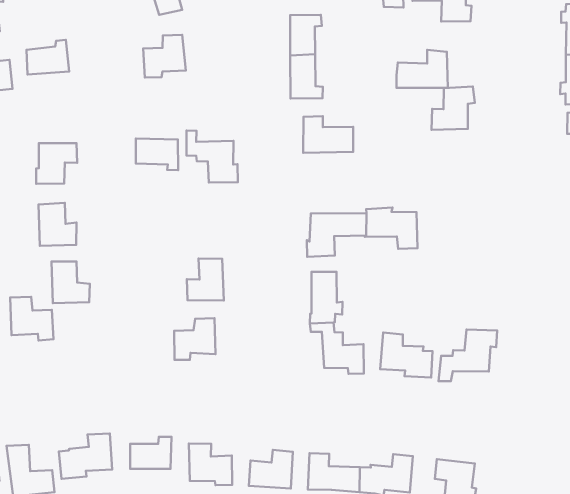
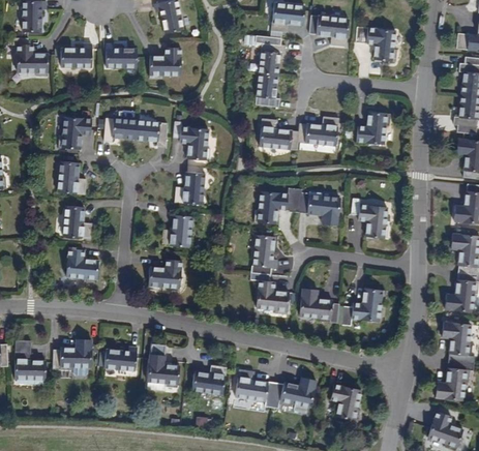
building: none -> [104,43,136,68]
building: [396,50,448,88] -> [297,114,337,144]
building: none -> [102,119,136,143]
building: none -> [174,174,203,206]
building: none -> [351,199,388,240]
building: [10,297,54,341] -> [65,248,97,282]

